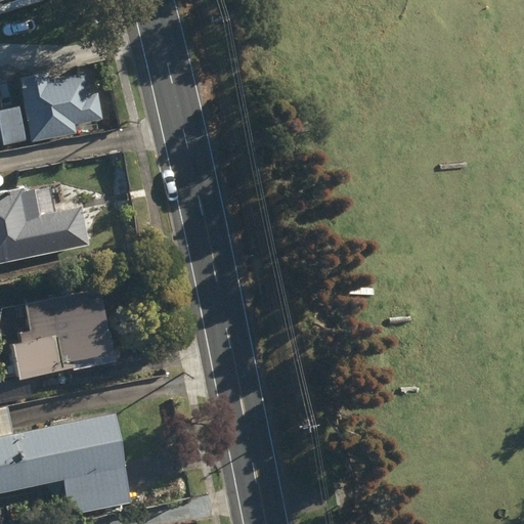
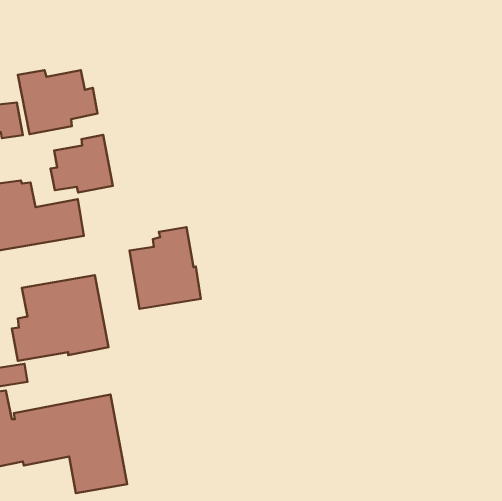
building: none -> [51,135,113,193]
building: none -> [129,227,201,309]

